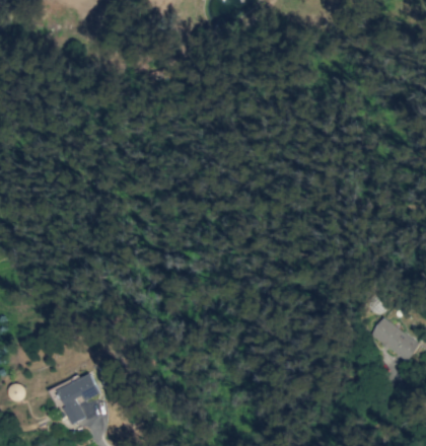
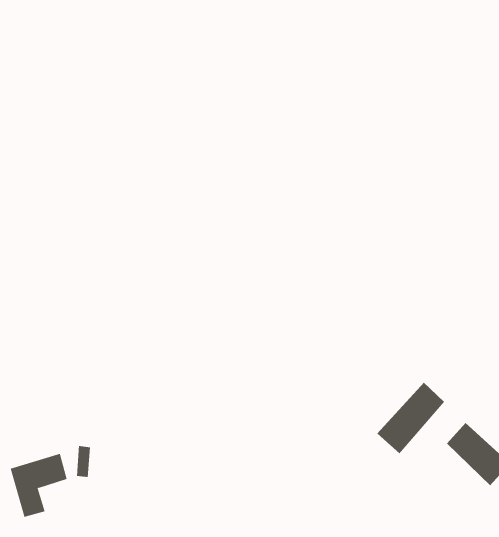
building: none -> [377,382,445,454]

